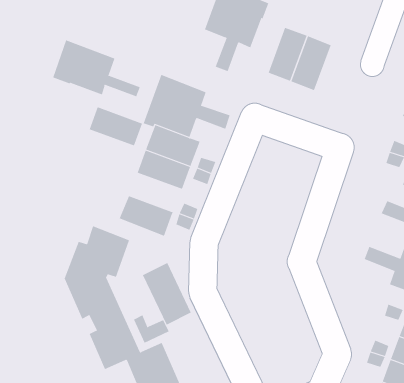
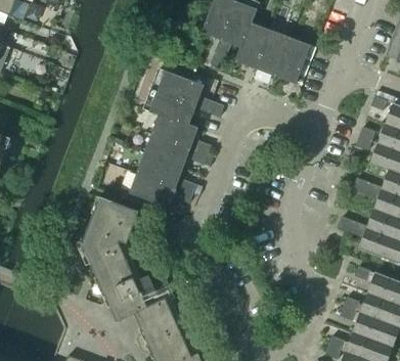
building: none -> [235,22,270,69]
building: [53,39,140,97] -> none
building: [89,107,143,146] -> [137,153,183,187]
building: [142,262,192,326] -> none

